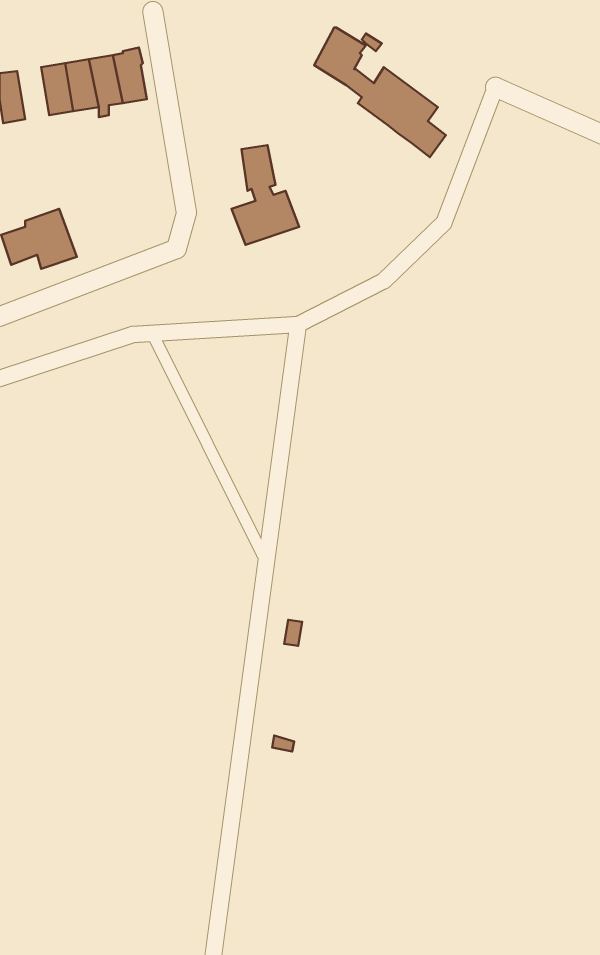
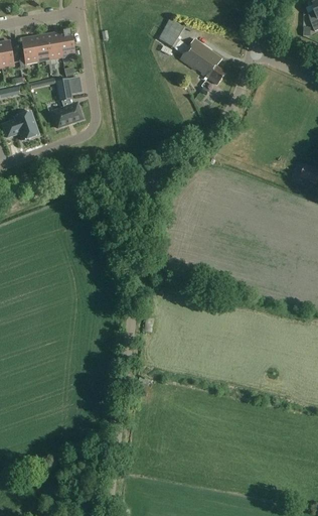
building: [232,145,299,245] -> [50,78,85,128]

